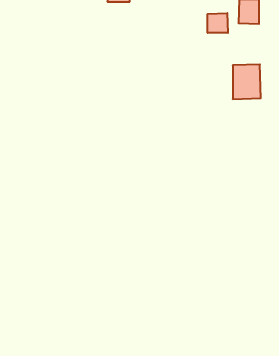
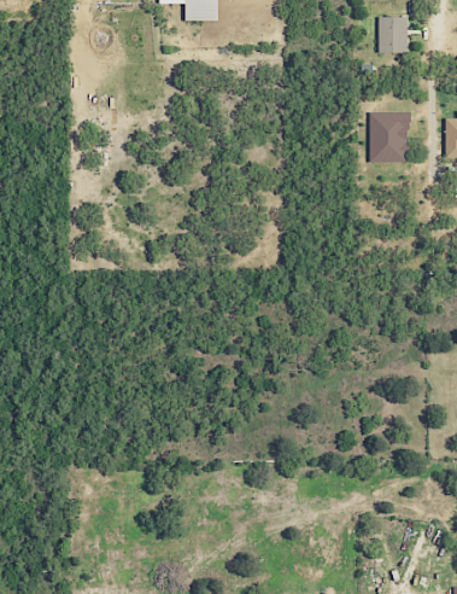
building: [208,13,228,33] -> none

